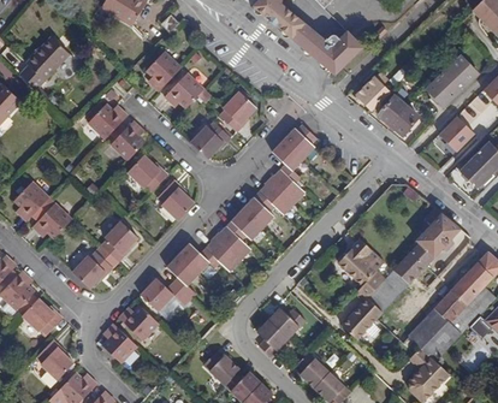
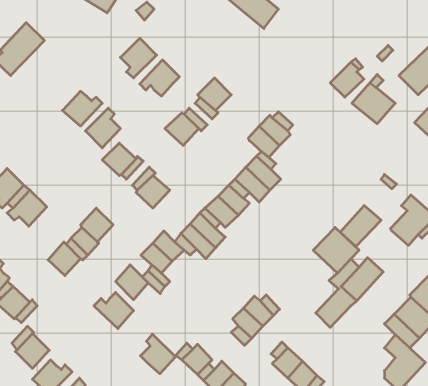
building: [289,22,363,77] -> none
building: [392,243,433,284] -> [340,206,381,247]
building: [102,322,137,362] -> [140,334,175,374]

